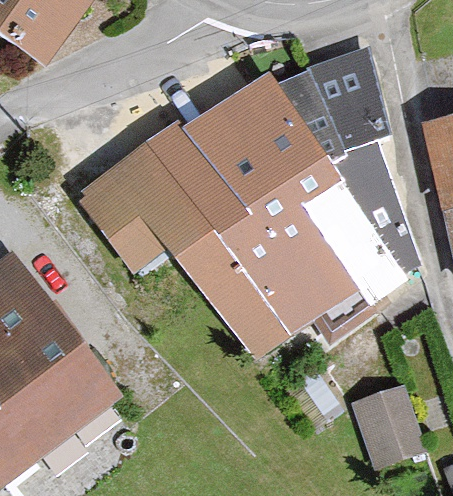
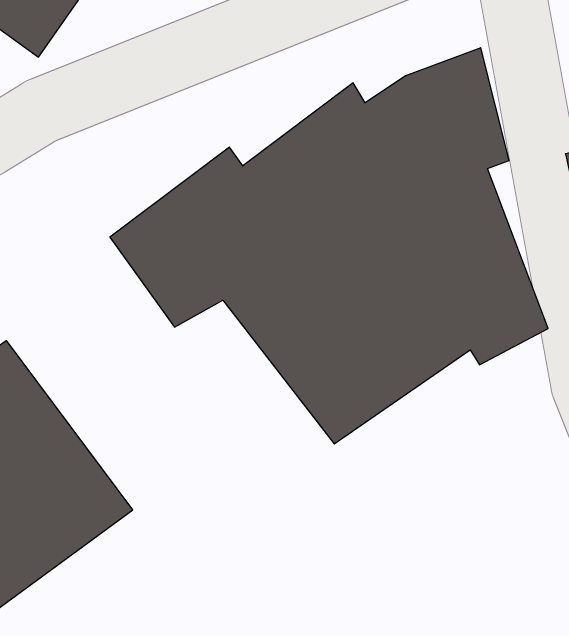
building: [357,388,422,465] -> none

